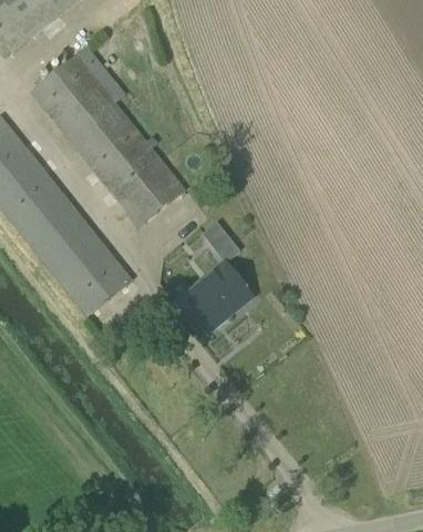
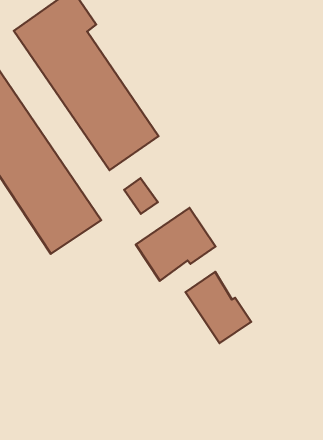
building: [203,218,238,255] -> [124,178,158,214]
building: none -> [186,272,251,343]

